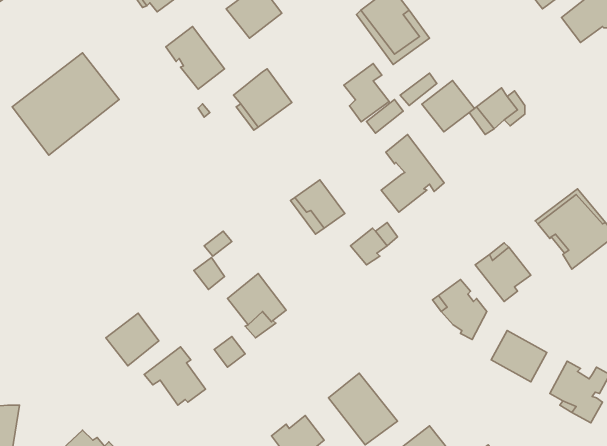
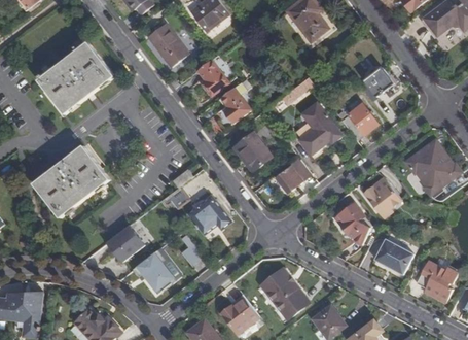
building: [344,63,389,122] -> [221,80,253,122]
building: [422,81,474,132] -> [340,103,377,139]
building: none -> [34,146,110,219]

